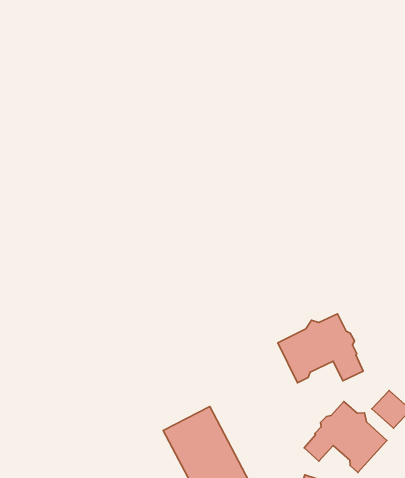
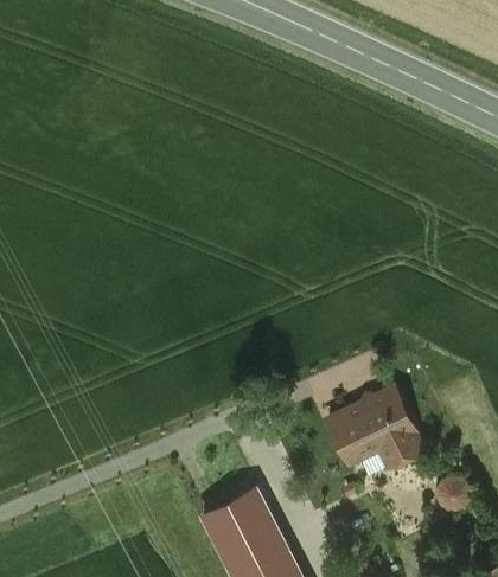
building: [304,402,387,473] -> none

